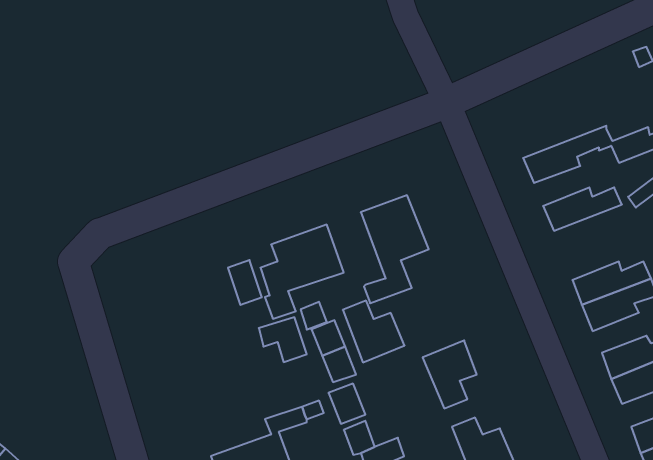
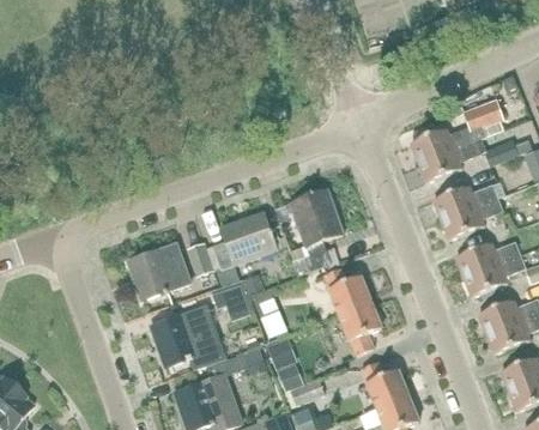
building: none -> [410,99,504,162]
building: none -> [441,198,498,238]
building: none -> [128,244,192,301]
building: [343,301,405,362] -> [323,268,371,316]
building: none -> [151,307,225,370]

